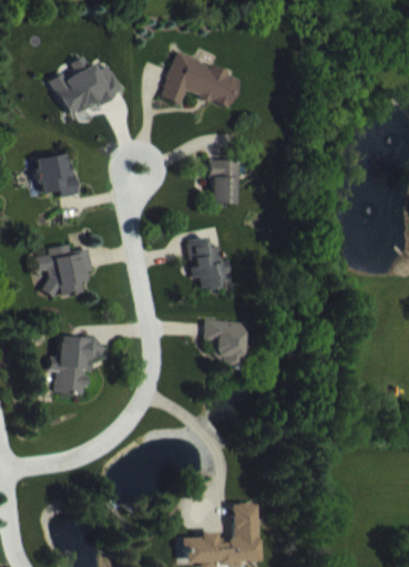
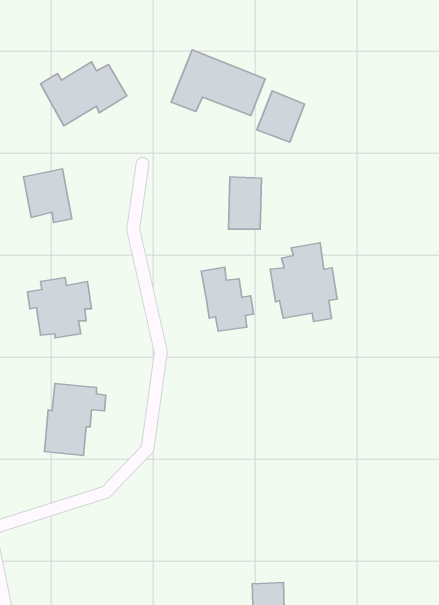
building: none -> [257,91,305,142]
building: none -> [270,243,337,321]
building: [203,320,243,369] -> none

